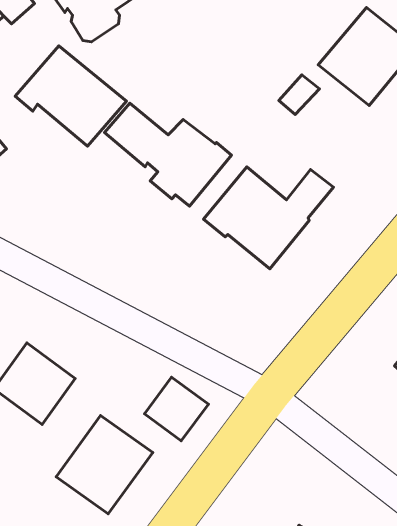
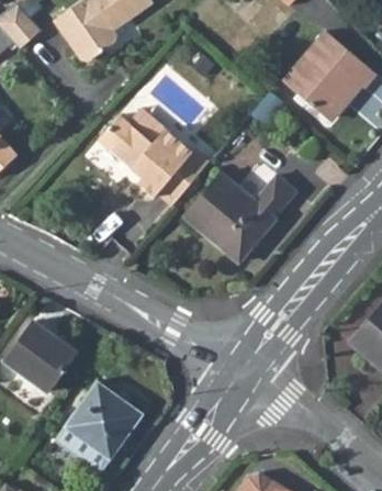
building: [15,46,126,146] -> none
building: [144,377,208,441] -> none

